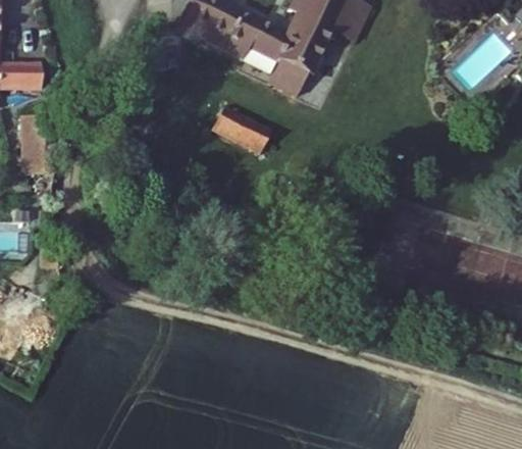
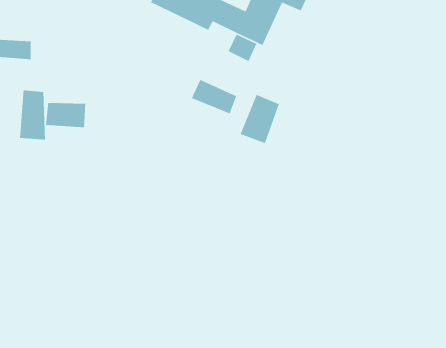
building: none -> [240,94,280,144]
building: none -> [45,102,86,128]

